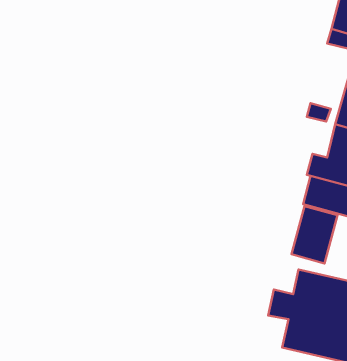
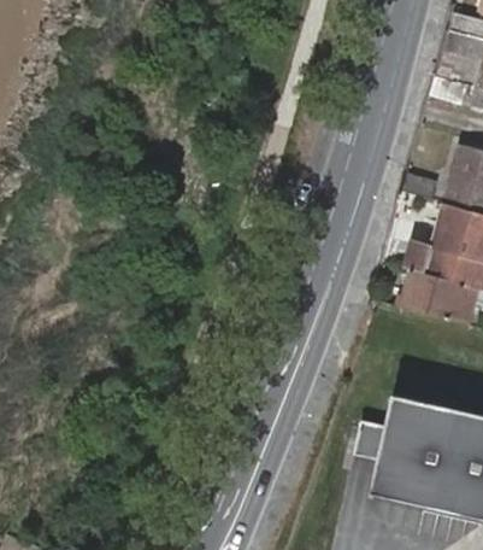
building: [292,206,337,263] -> none

